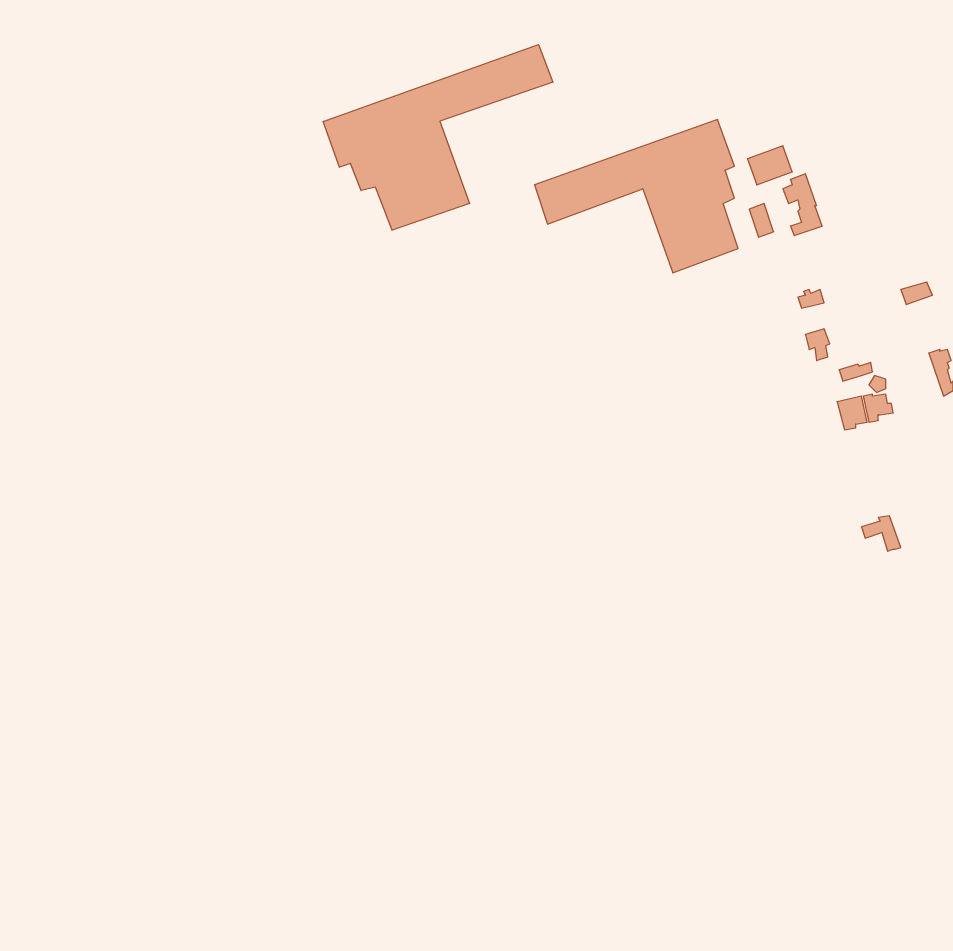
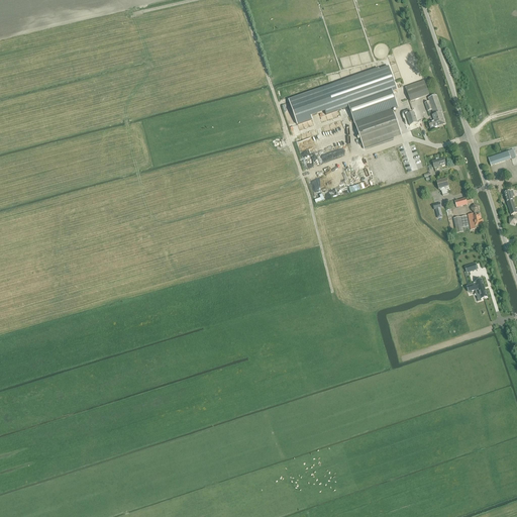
building: [323,45,553,230] -> none

